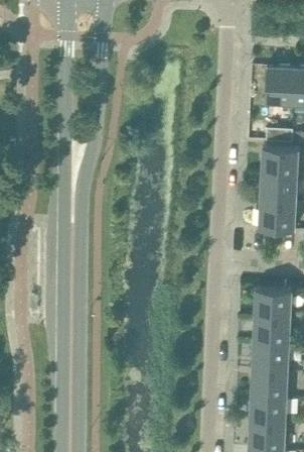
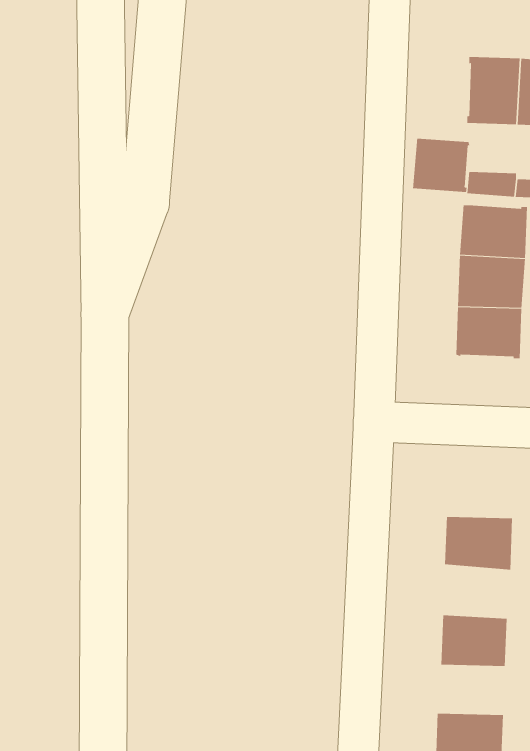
building: none -> [412,138,470,193]
building: [254,290,291,319] -> none
building: [252,344,289,373] -> none
building: [249,399,286,426] -> none

